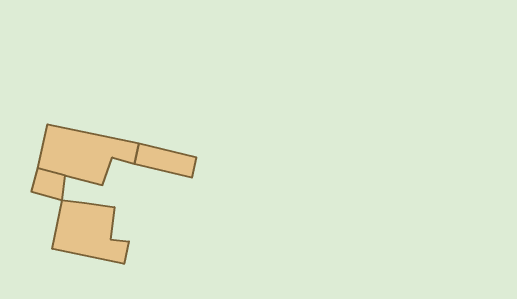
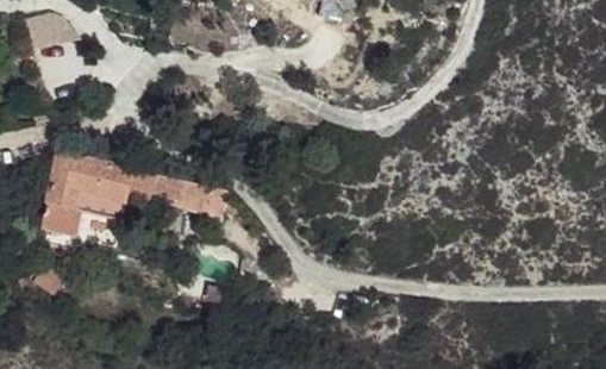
building: [52,200,129,264] -> none

